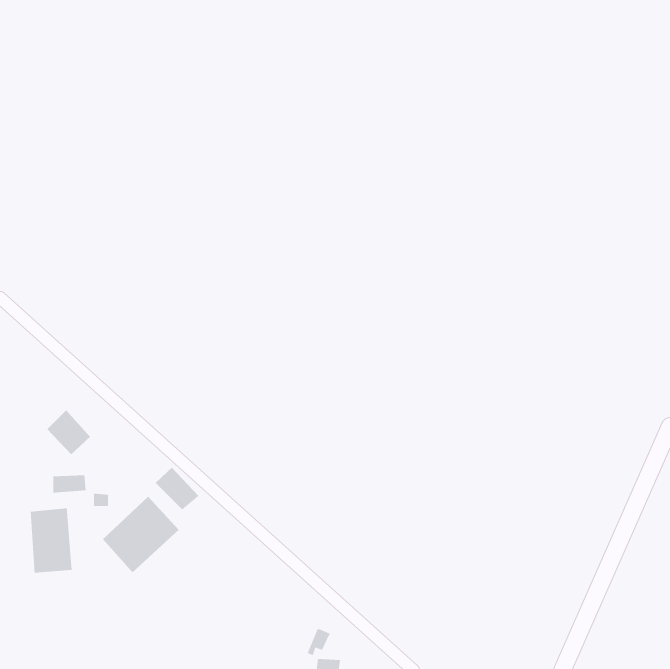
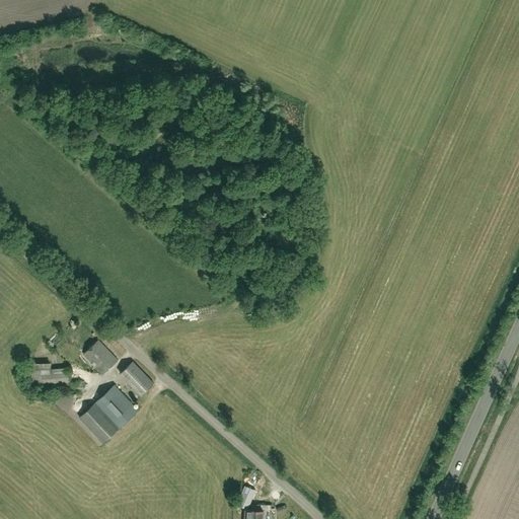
building: [46,409,91,455] -> [83,340,118,375]
building: [30,508,72,573] -> none

